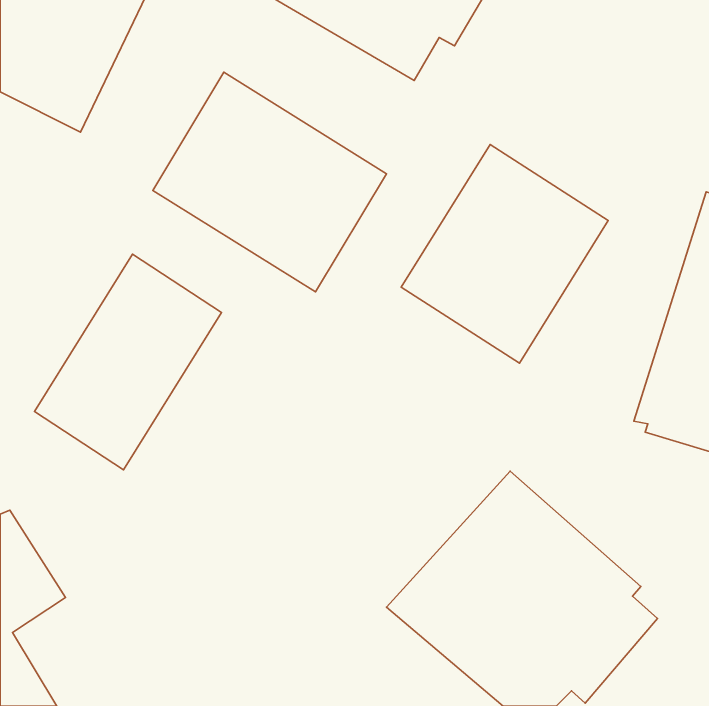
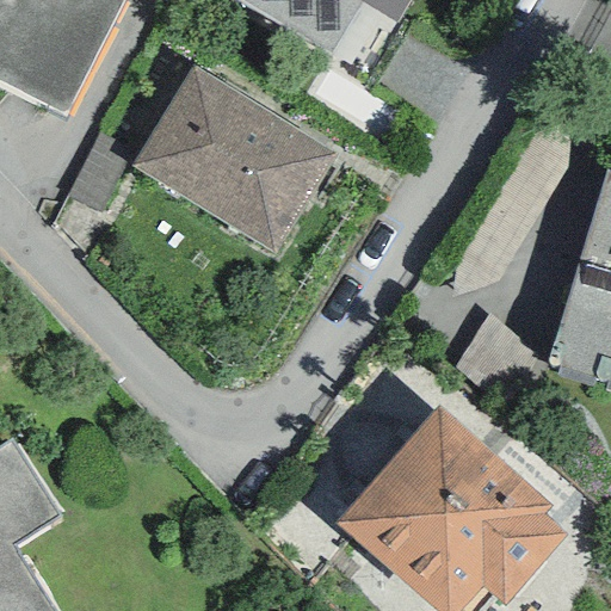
building: [401,144,608,363] -> none
building: [34,254,222,470] -> none

